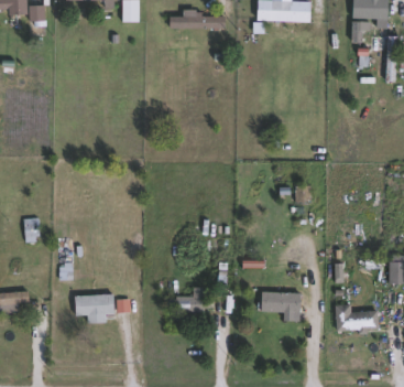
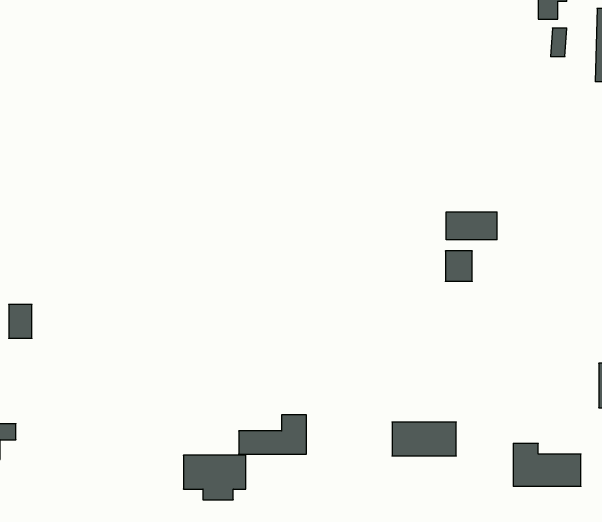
building: none -> [446,212,497,240]
building: [75,295,113,323] -> [183,455,246,500]

